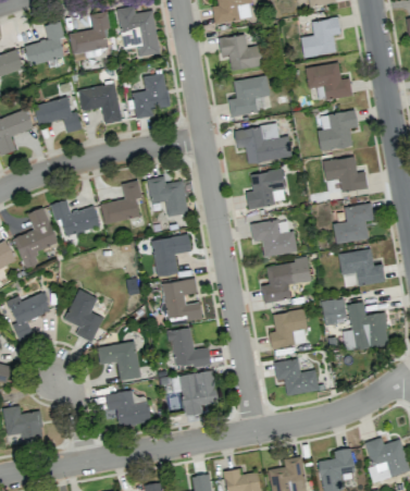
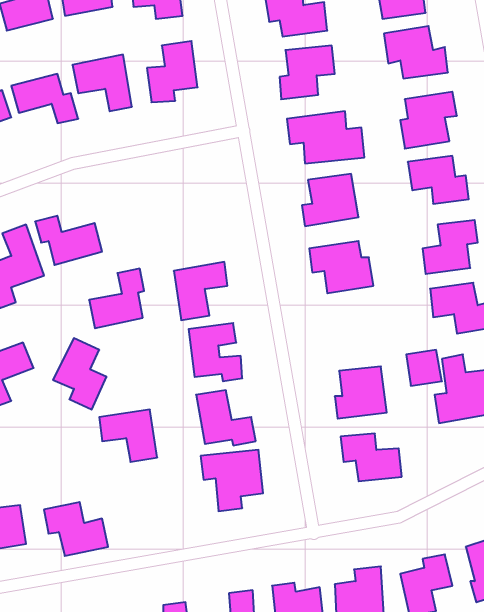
building: [147,176,188,217] -> none
building: [101,181,141,224] -> [89,269,144,328]
building: [262,259,311,303] -> none
building: [105,389,152,428] -> [44,502,108,556]

